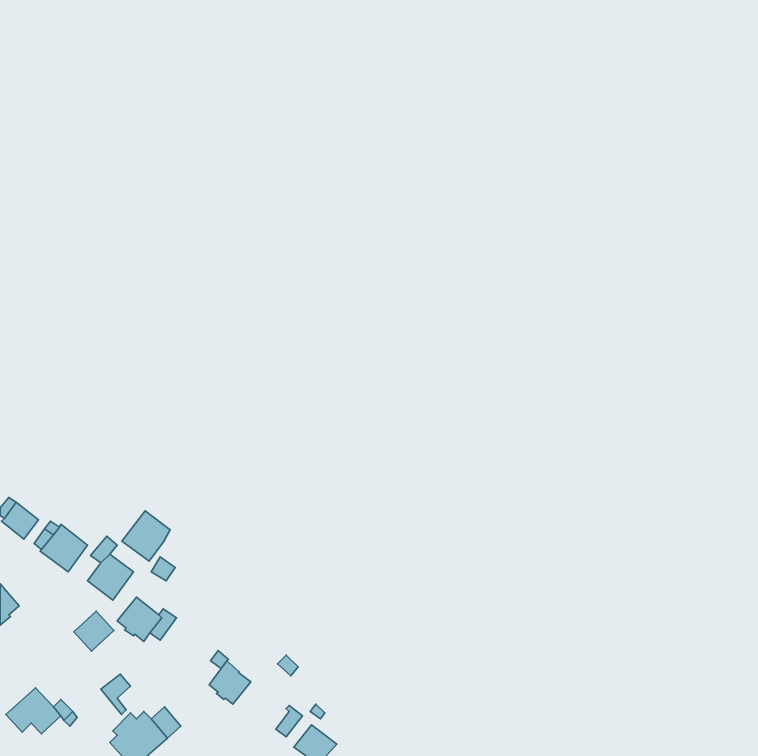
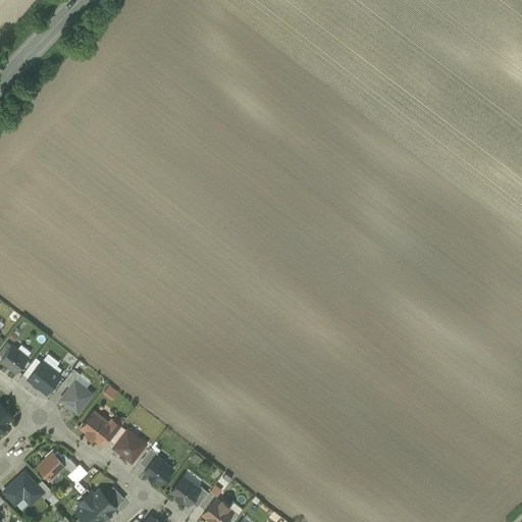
building: [122,511,170,561] -> none
building: [74,611,114,651] -> [37,453,64,480]
building: none -> [113,430,146,463]
building: none -> [170,477,199,506]

